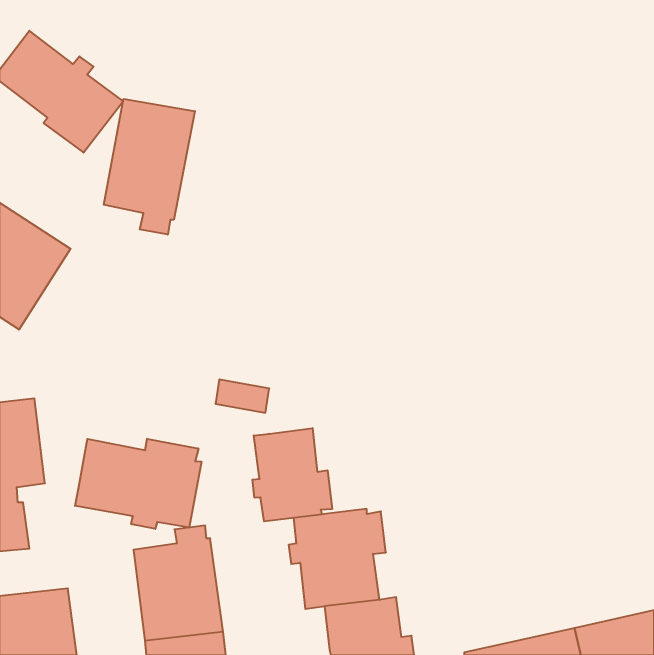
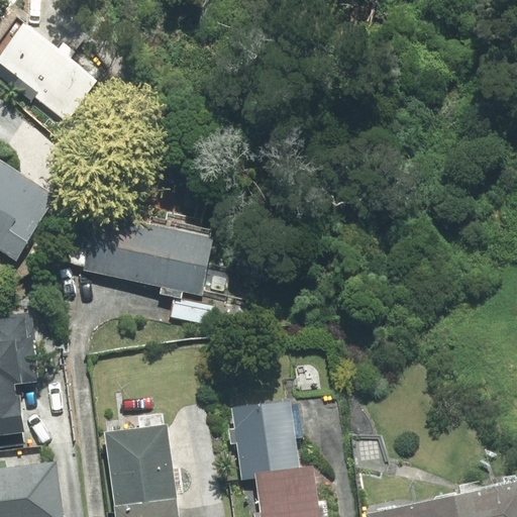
building: [104,99,195,235] -> none
building: none -> [81,216,210,297]
building: [252,428,332,521] -> none
building: [75,439,201,529] -> none

